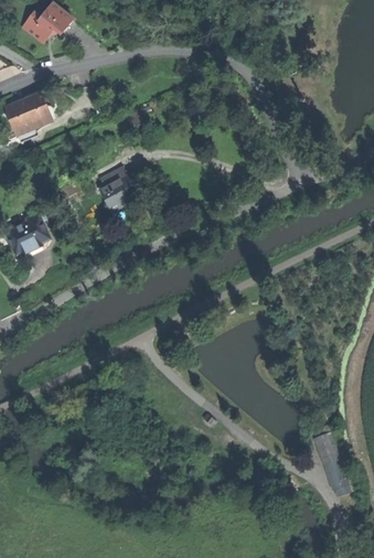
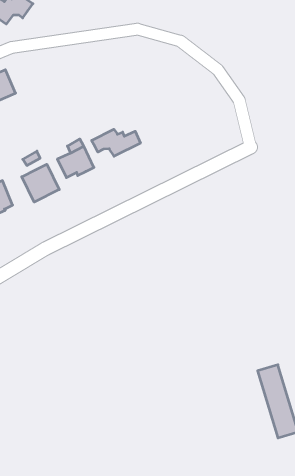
building: none -> [92,129,140,156]
building: none -> [22,164,59,202]

